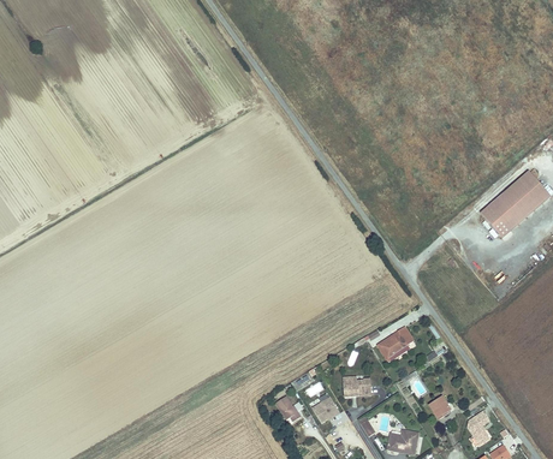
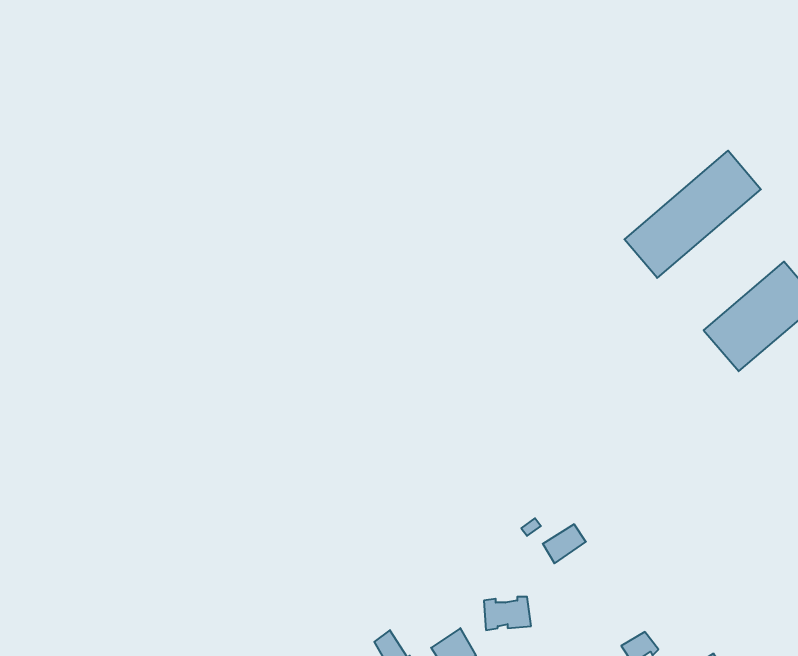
building: none -> [624,151,761,278]

